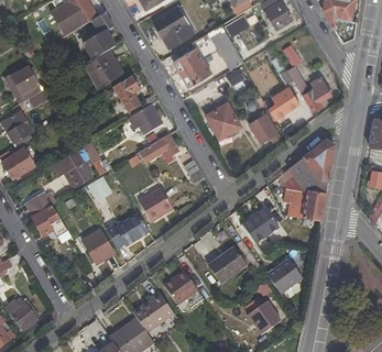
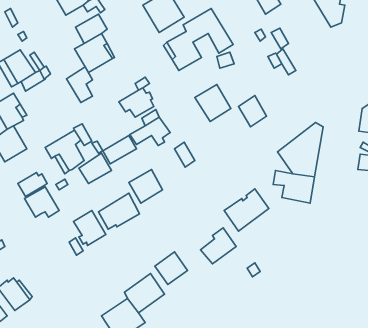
building: [113,76,140,112] -> [67,67,93,103]
building: [303,76,331,111] -> none
building: [269,86,299,120] -> none
building: [266,257,303,294] -> none
building: [245,297,281,334] -> none

